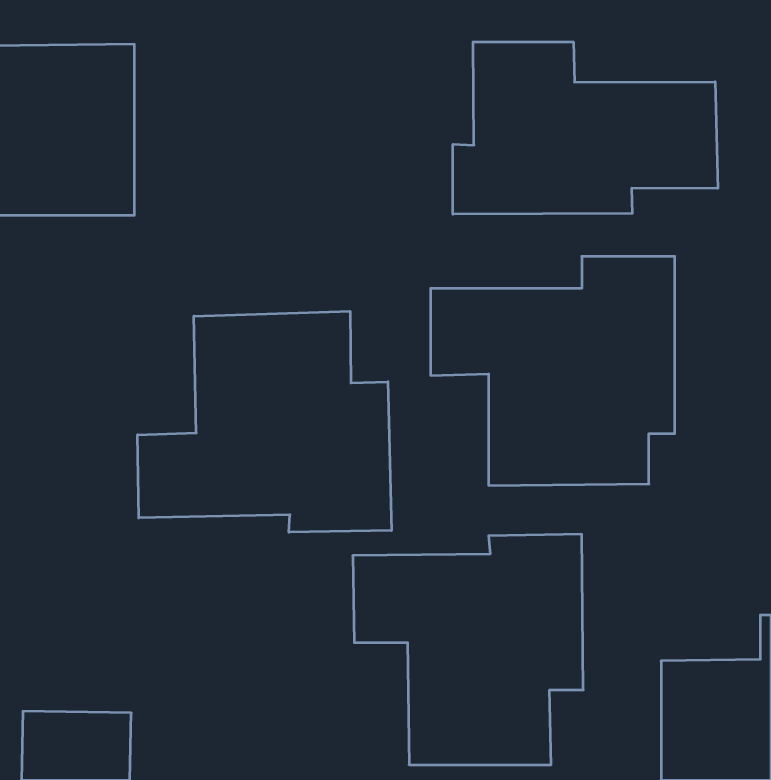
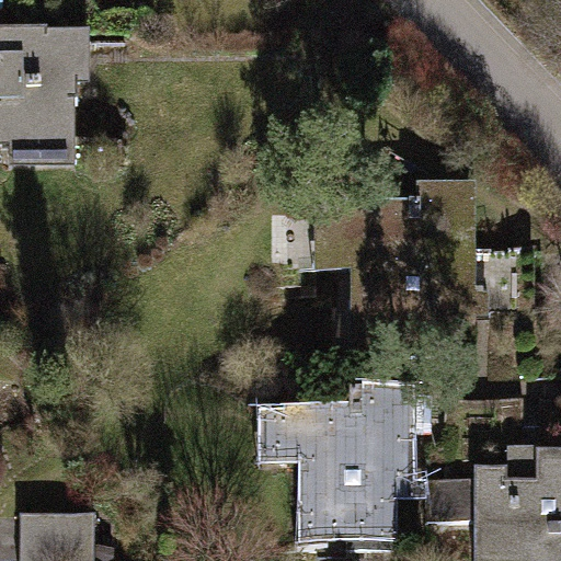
building: [453,42,718,214] -> none
building: [138,311,391,532] -> none

